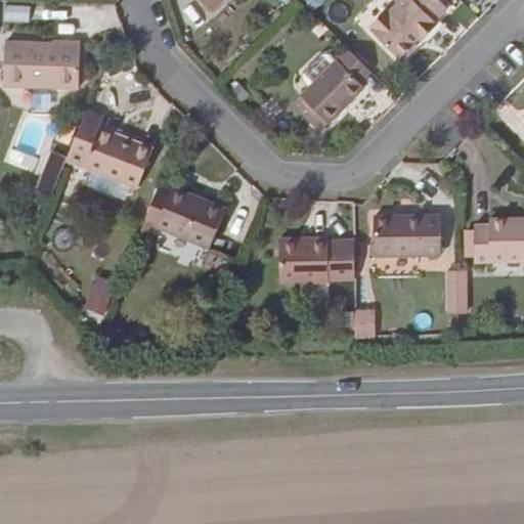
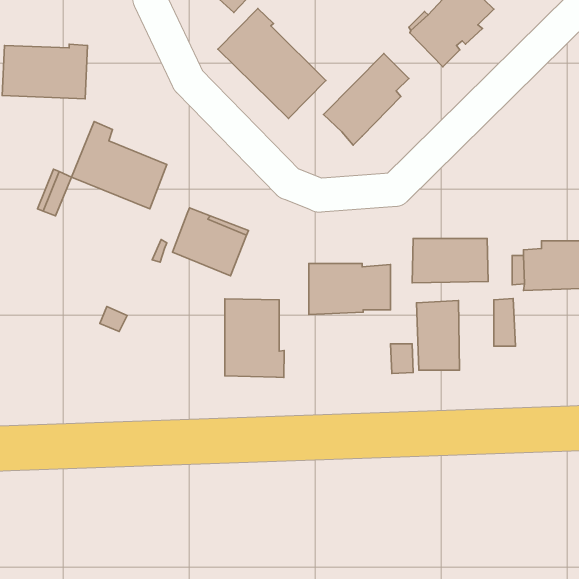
building: none -> [218,8,326,119]
building: none -> [225,299,284,377]
building: none -> [417,301,459,370]

